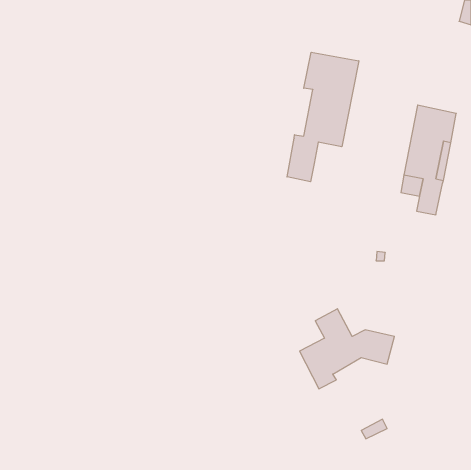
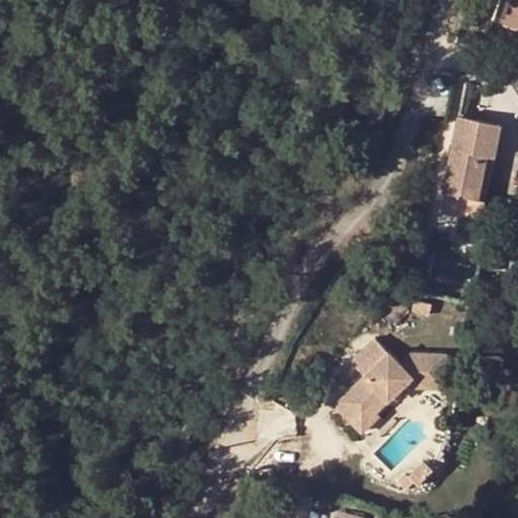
building: [287,52,359,182] -> none

